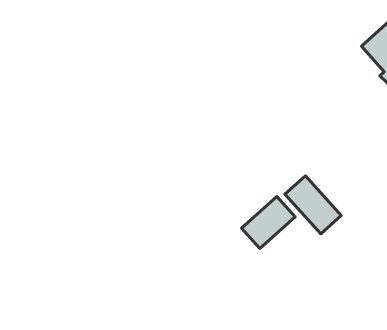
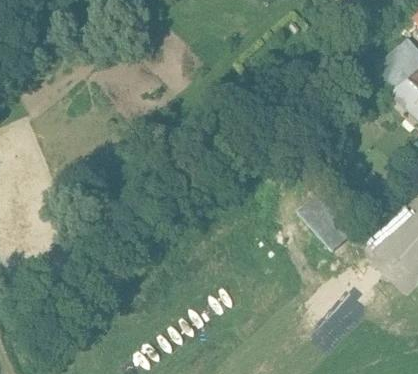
building: [241,197,295,249] -> none

